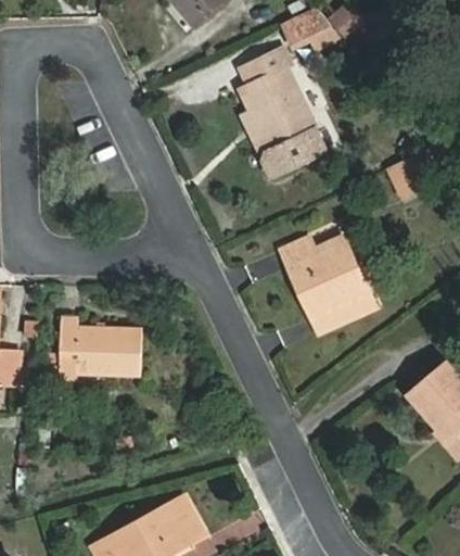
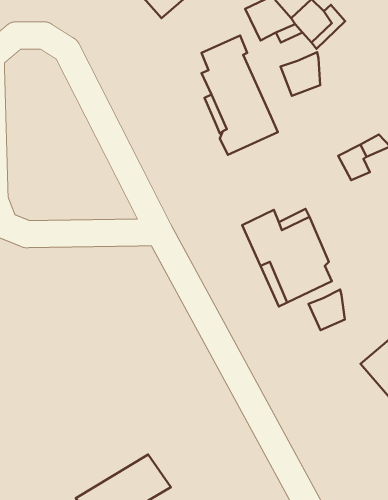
building: none -> [281,52,320,96]
building: [60,317,148,380] -> none
building: none -> [309,289,345,330]

